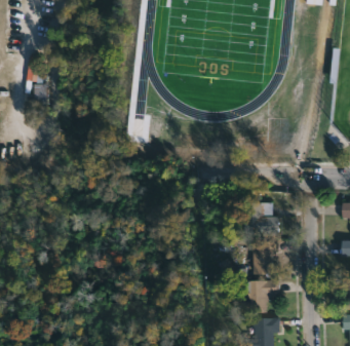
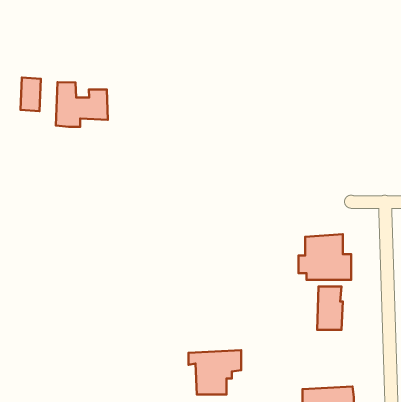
building: none -> [56,82,108,127]
building: [237,279,277,313] -> [189,350,241,395]

